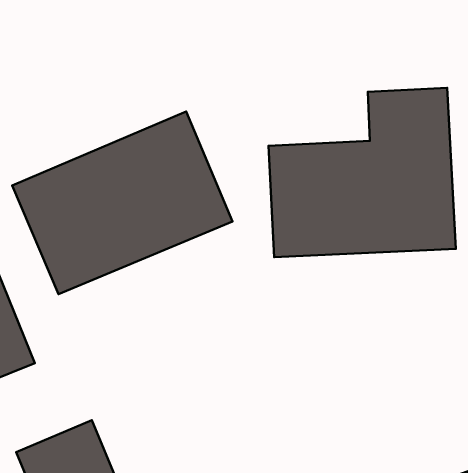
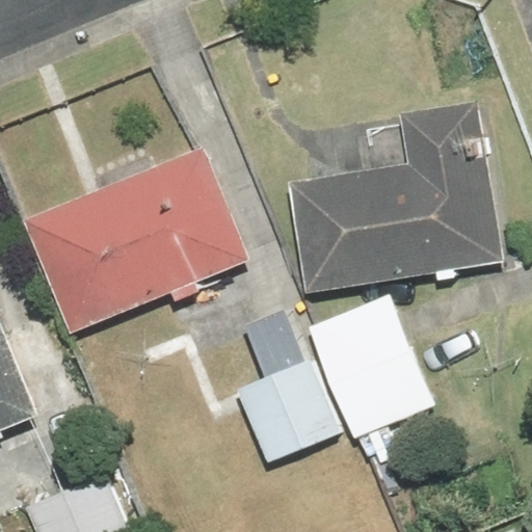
building: none -> [311,299,436,444]
building: none -> [231,305,344,473]

